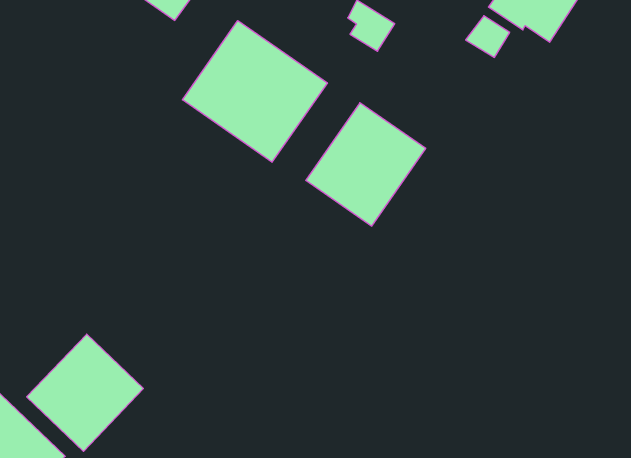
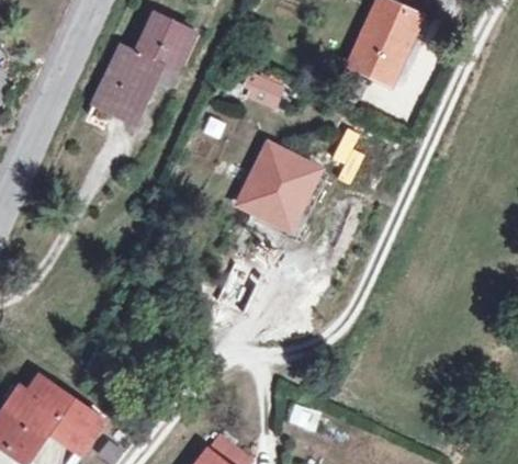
building: [182,21,327,162] -> none
building: [27,334,143,451] -> none

